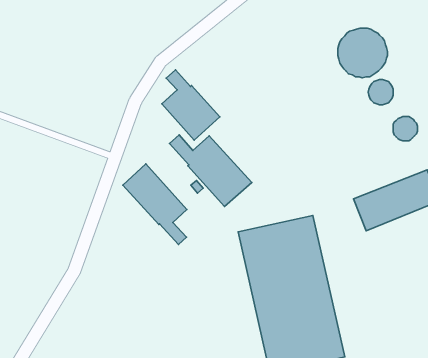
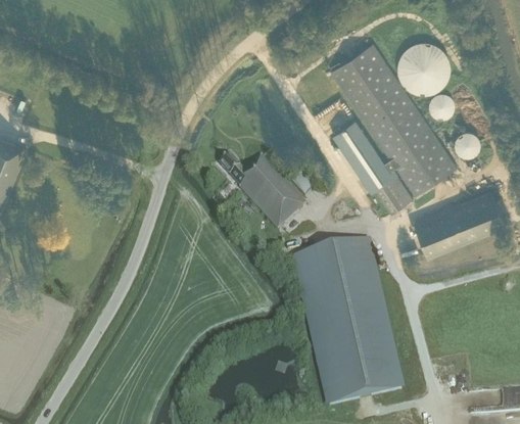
building: none -> [331,42,457,211]
building: [162,70,220,140] -> none
building: [123,164,187,245] -> none

